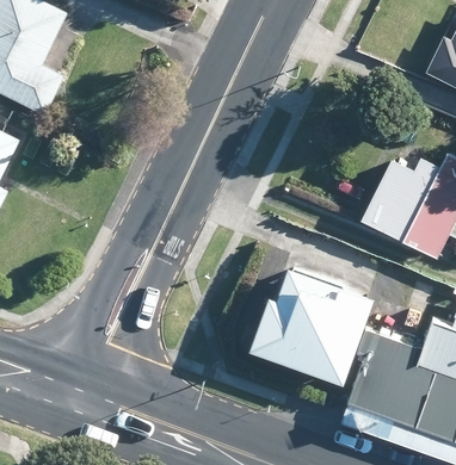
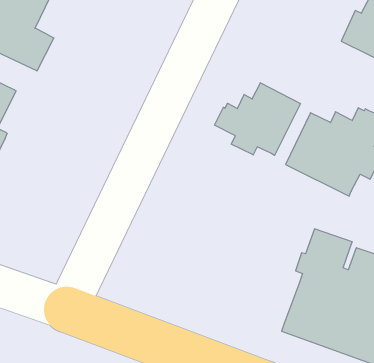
building: none -> [215,83,300,155]
building: [247,268,371,385] -> none

